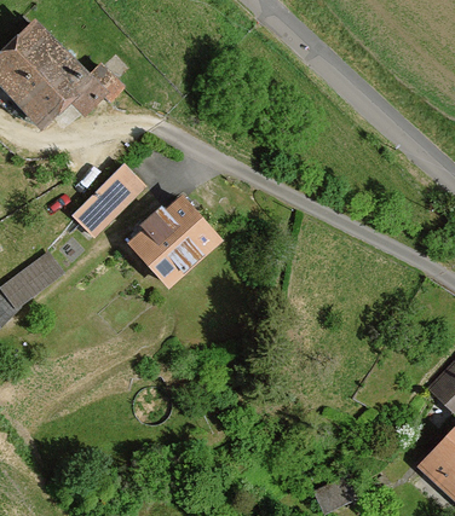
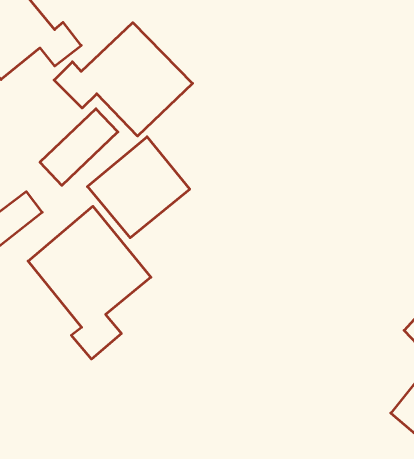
building: none -> [54,23,193,136]
building: none -> [28,206,151,359]

